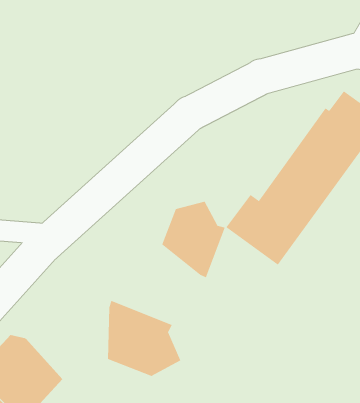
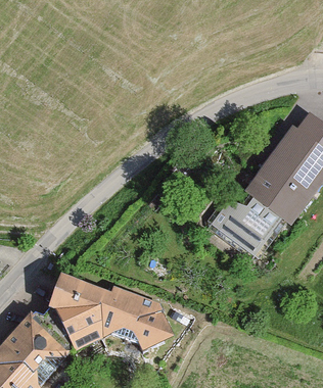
building: [161,201,225,278] -> none
building: none -> [44,272,112,350]

